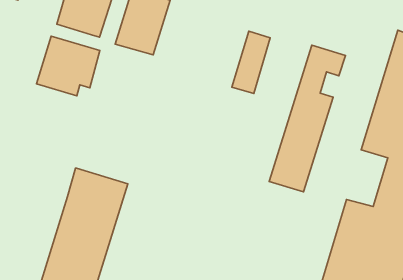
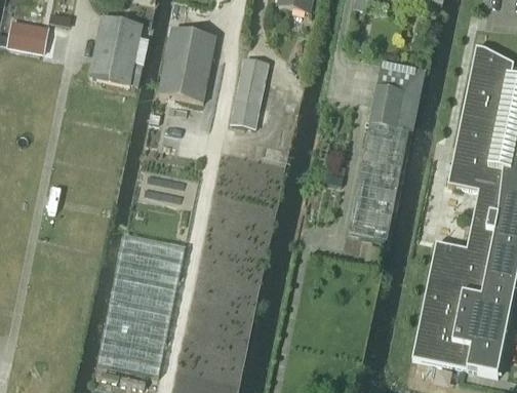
building: [232,31,270,94] -> [231,57,269,127]
building: [37,36,100,96] -> none

